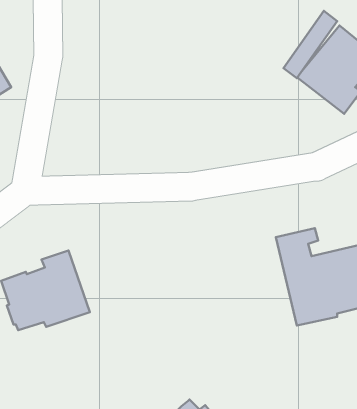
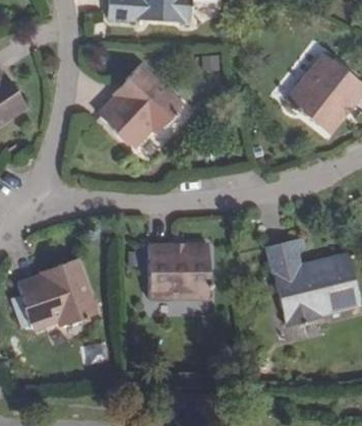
building: none -> [101,63,185,149]
building: none -> [150,244,209,298]

